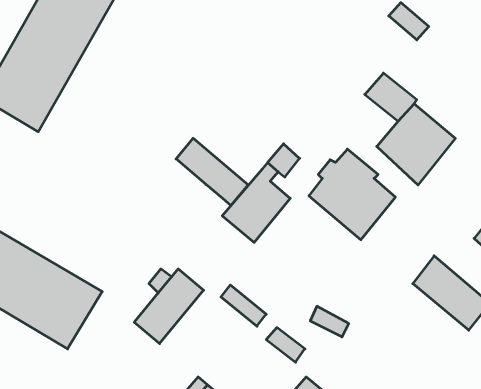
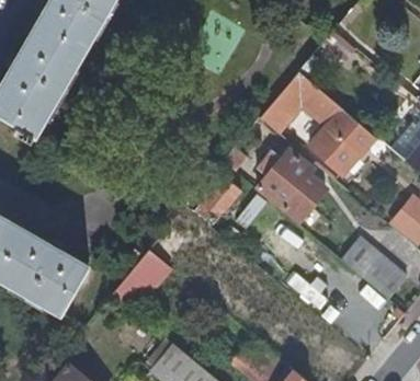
building: none -> [259,71,318,134]
building: [176,138,248,205] -> none

